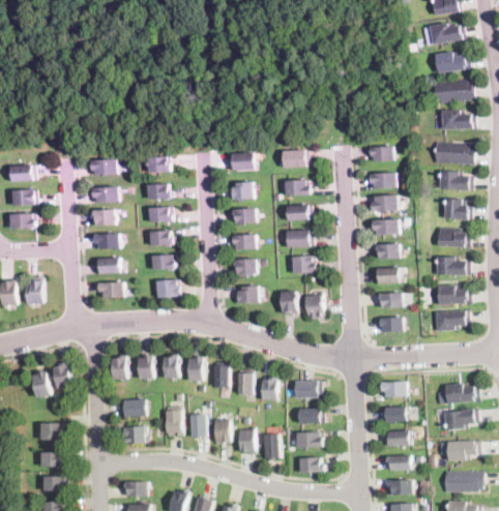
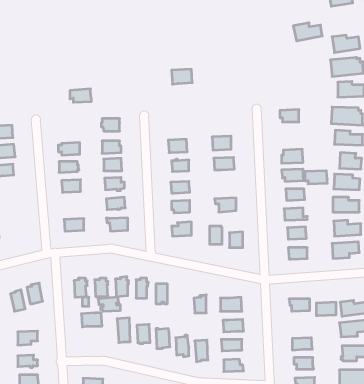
building: [429,22,465,44] -> [293,23,322,41]
building: [283,149,310,167] -> none
building: [229,152,255,171] -> [172,69,192,84]
building: [91,158,118,175] -> [70,89,91,102]
building: [370,172,398,188] -> [305,171,327,184]
building: [287,230,314,247] -> none
building: [95,257,124,273] -> none
building: [27,278,43,305] -> none
building: [238,370,254,395] -> none
building: [382,405,407,422] -> [316,302,336,316]
building: [121,426,149,444] -> [98,297,120,311]

